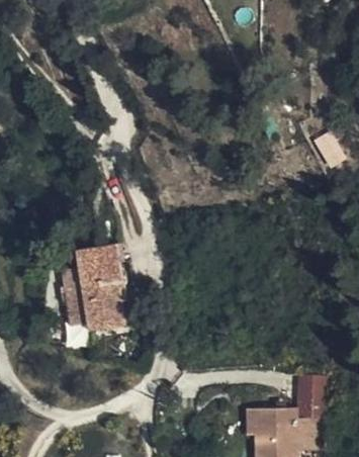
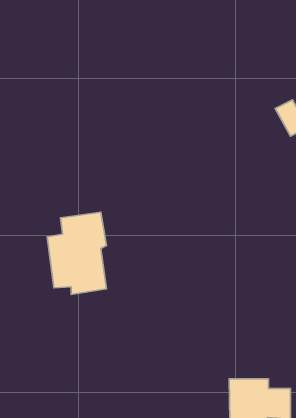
building: [294,374,320,421] -> none

